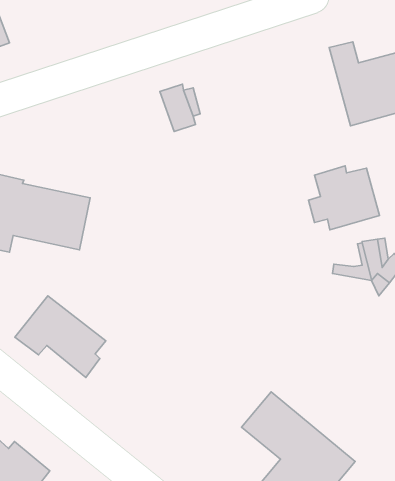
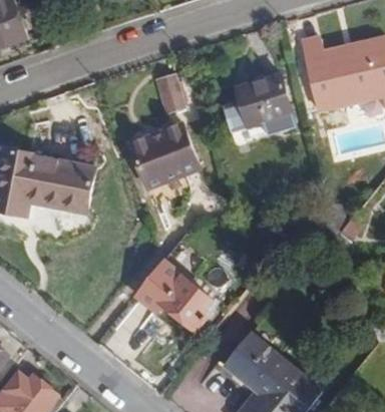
building: none -> [134,125,201,187]
building: [309,166,380,230] -> [227,72,287,126]
building: [15,296,106,377] -> [132,263,210,332]

